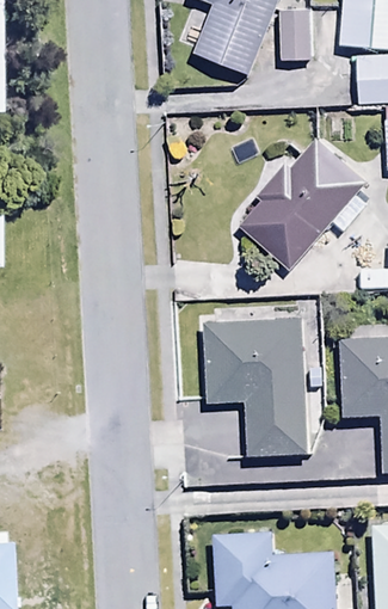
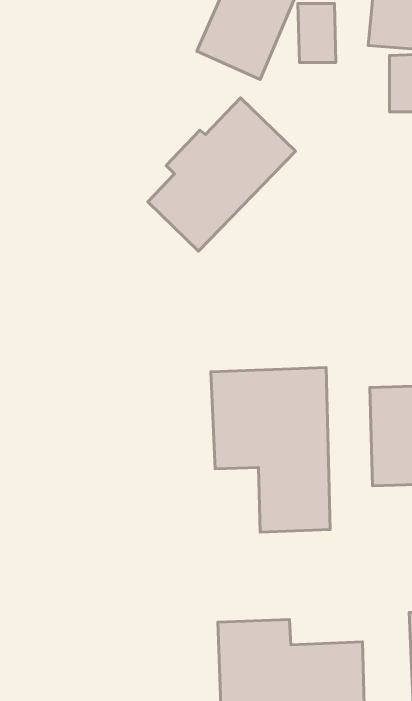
building: [241,136,367,266] -> [148,98,295,251]

